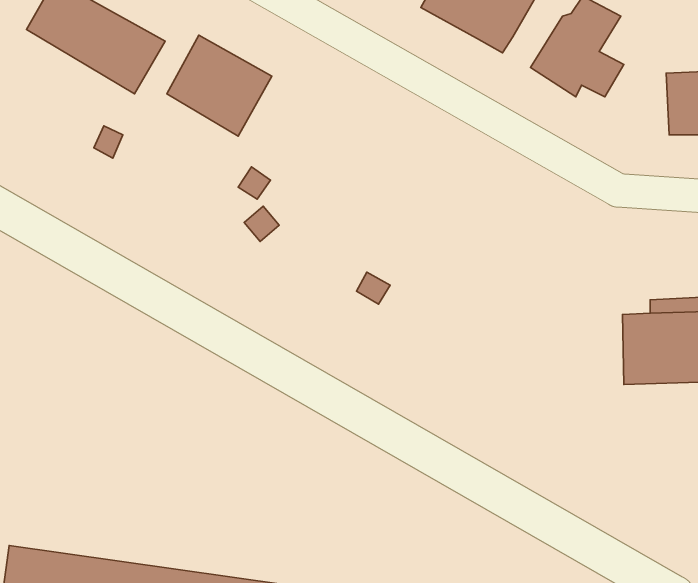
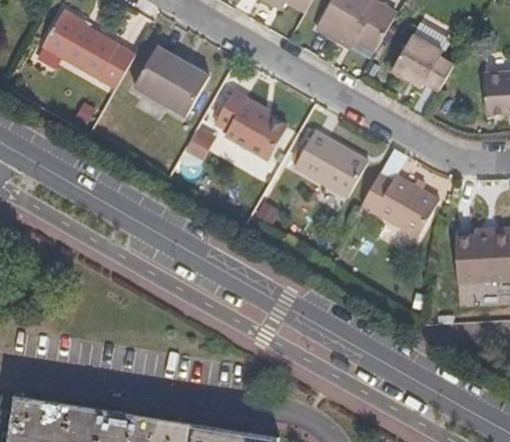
building: none -> [212,90,286,161]
building: none -> [294,131,370,198]
building: none -> [360,176,436,236]

